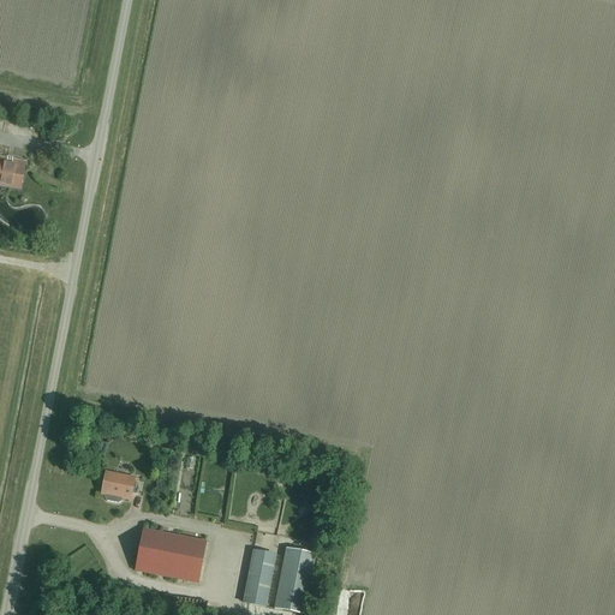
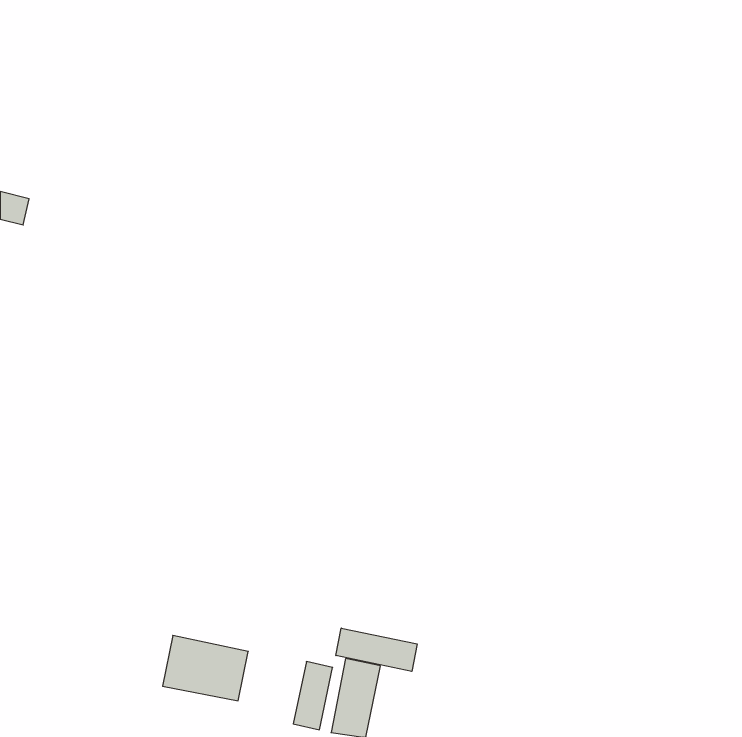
building: [101,470,138,497] -> none
building: none -> [336,628,417,671]

